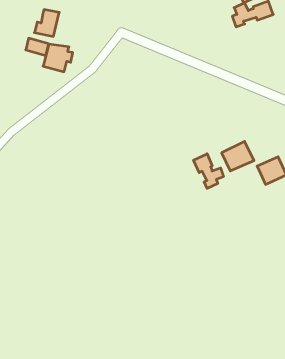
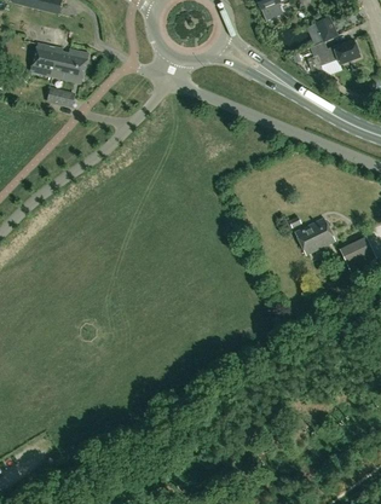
building: [43,44,73,72] -> [31,45,69,80]
building: [194,154,223,188] -> none

